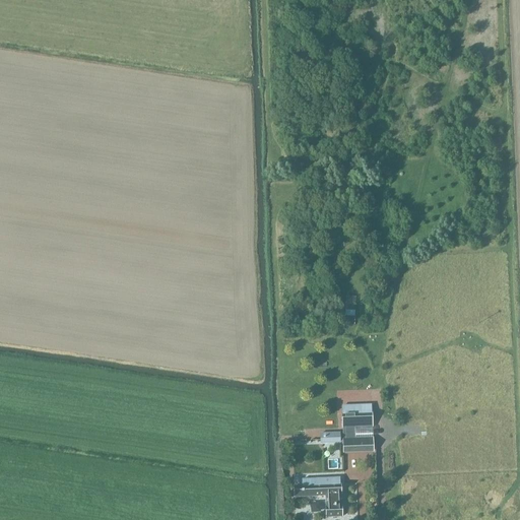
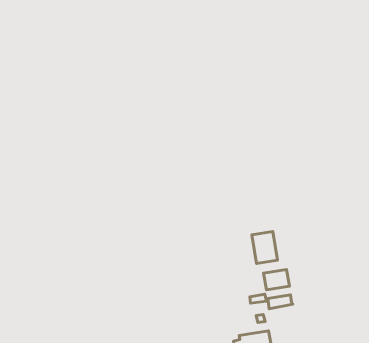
building: none -> [252,232,278,263]

